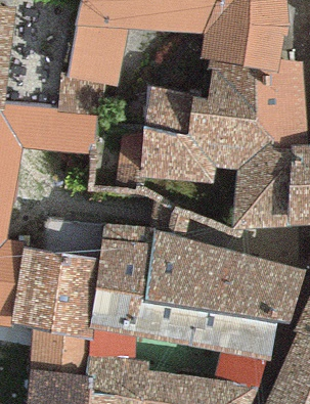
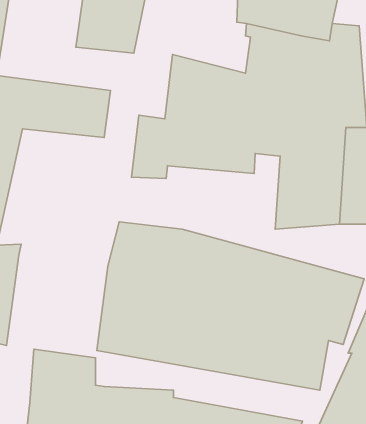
building: [11,250,95,334] -> none

